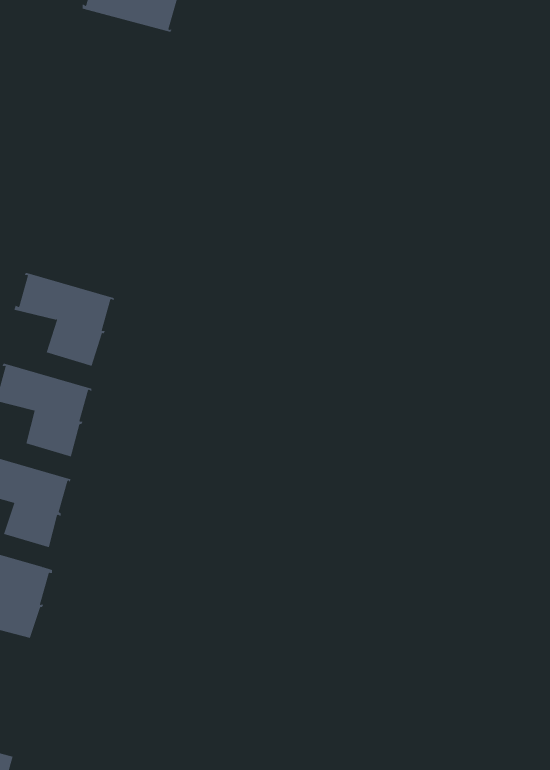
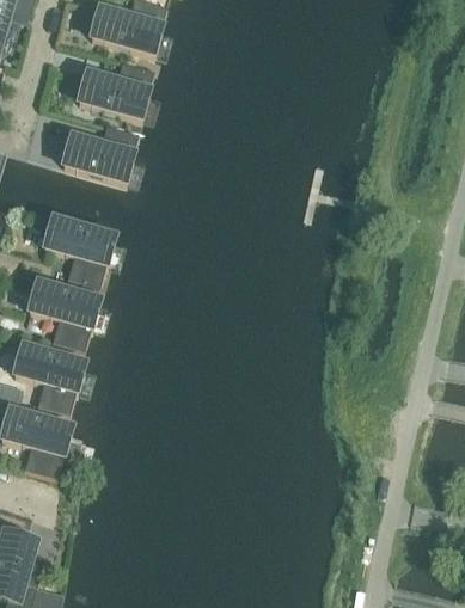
building: none -> [79,59,154,116]
building: none -> [63,122,139,179]

